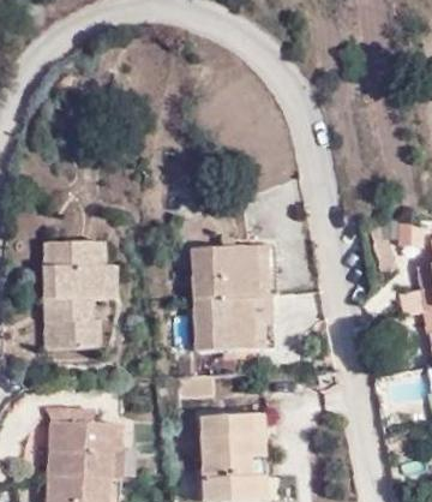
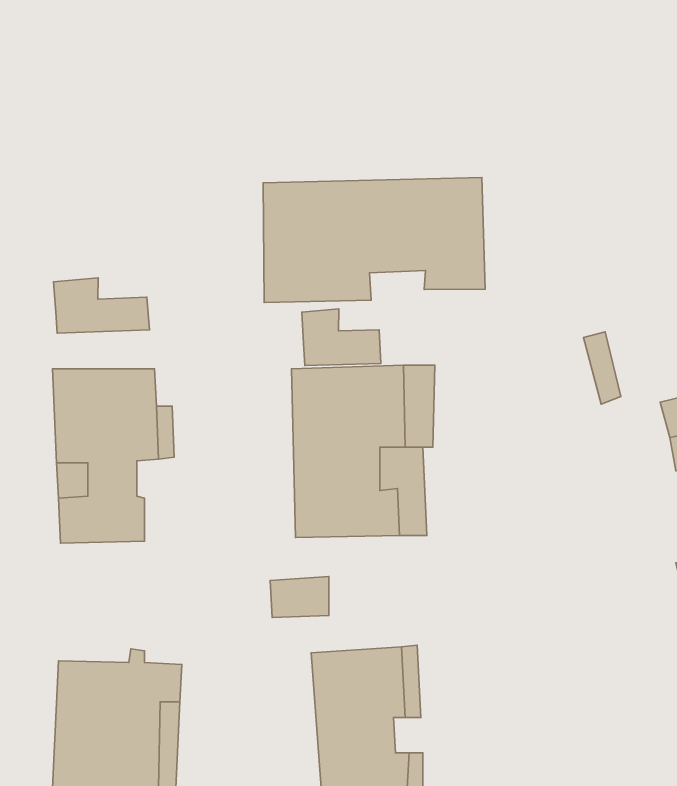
building: none -> [263,178,485,303]
building: none -> [53,278,149,333]
building: none -> [302,309,381,365]

